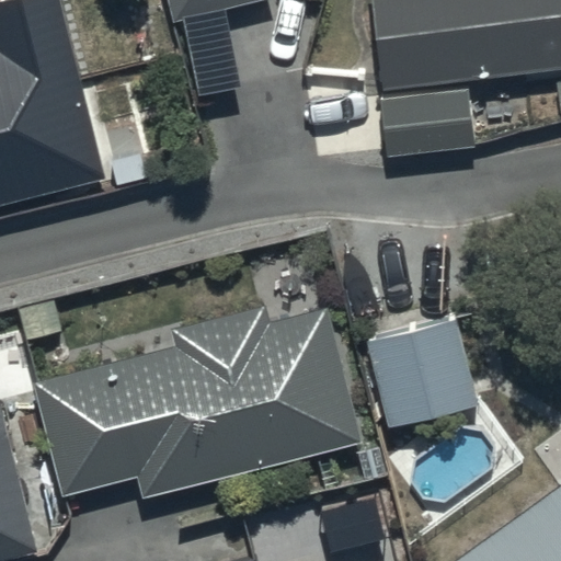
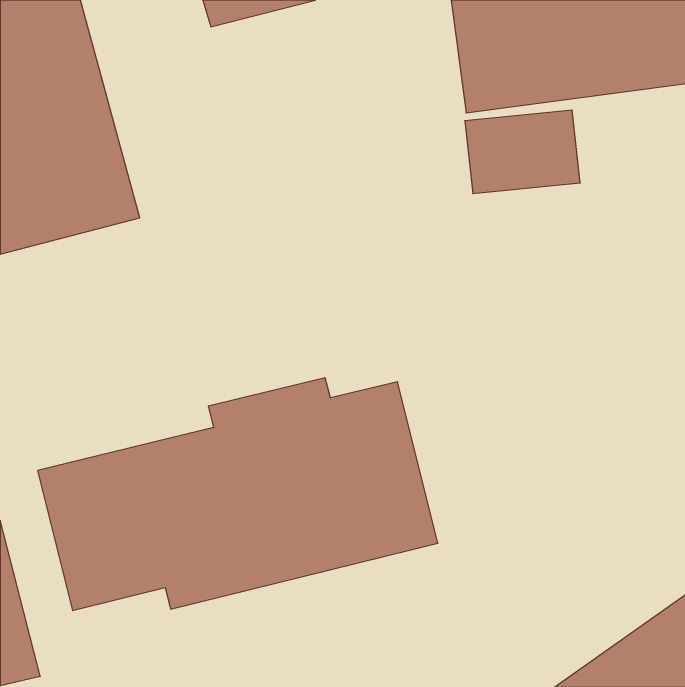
building: [362,318,478,431] -> none

